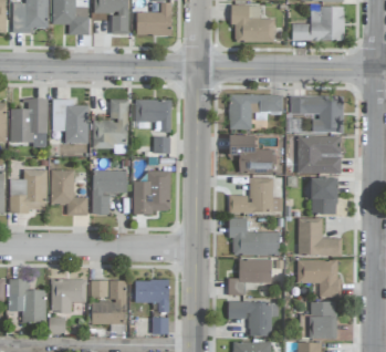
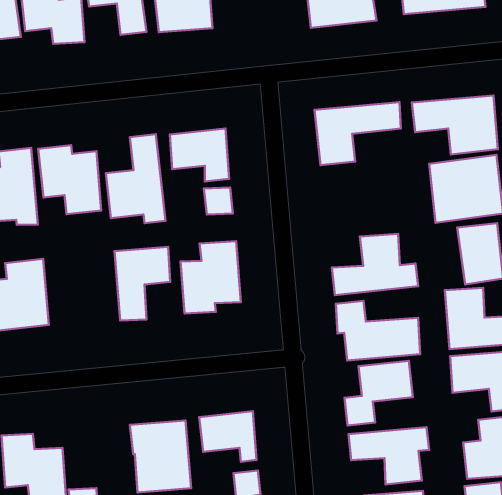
building: [229,135,272,173] -> none
building: [50,169,87,215] -> none
building: [51,279,86,313] -> none

